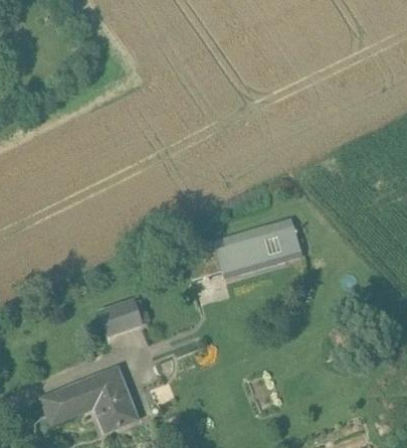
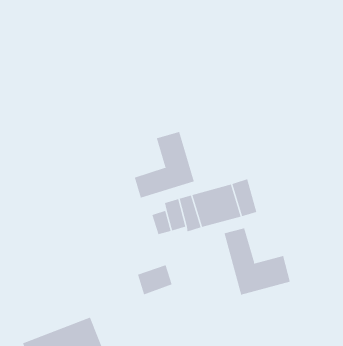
building: none -> [134,131,195,199]
building: none -> [224,227,290,295]
building: [101,302,141,336] -> [137,264,172,295]

